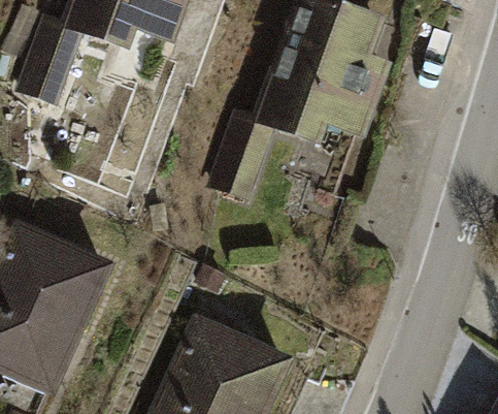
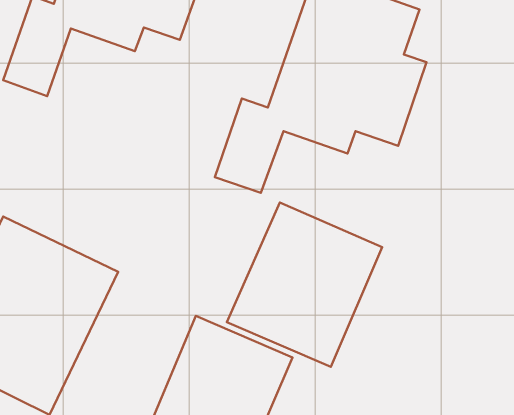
building: none -> [227,203,382,367]

